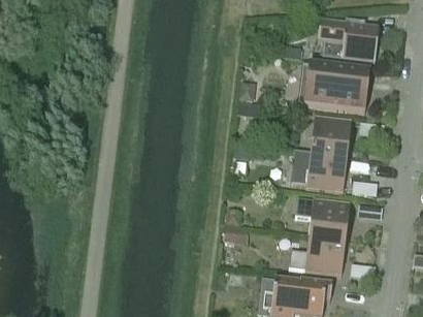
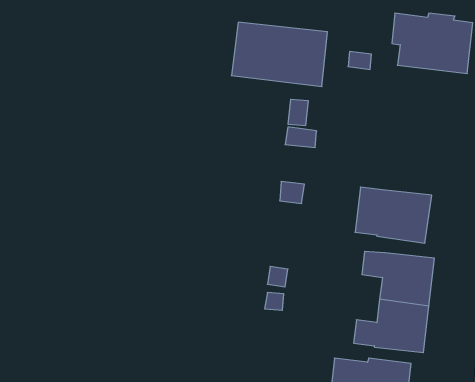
building: [299,64,371,113] -> [231,22,327,87]
building: [313,117,354,156] -> none

